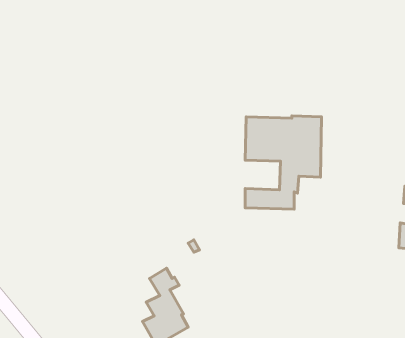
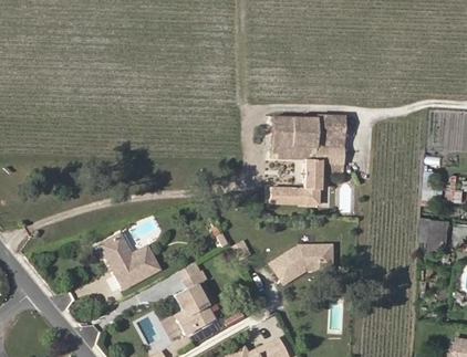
building: none -> [98,233,159,288]
building: none -> [269,243,334,285]

